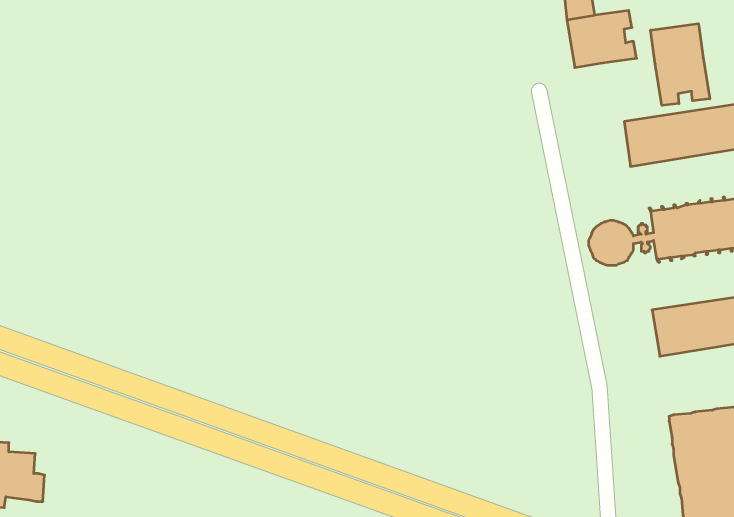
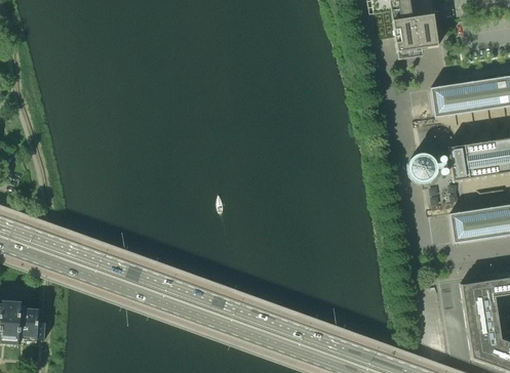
building: [651,24,710,105] -> none

